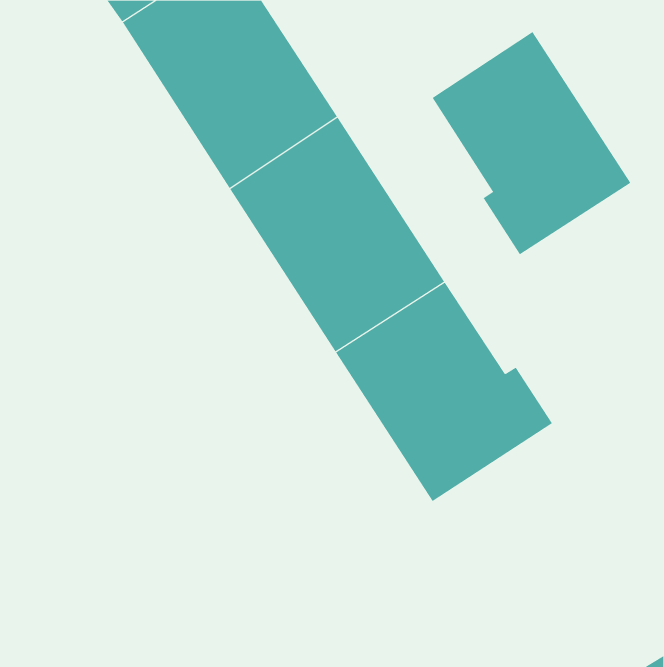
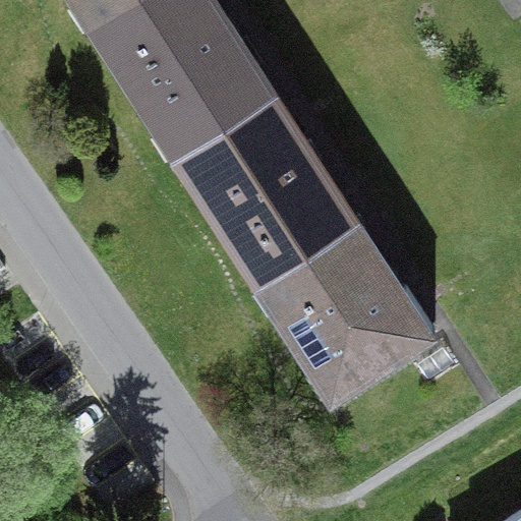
building: [432,31,631,255] -> none

